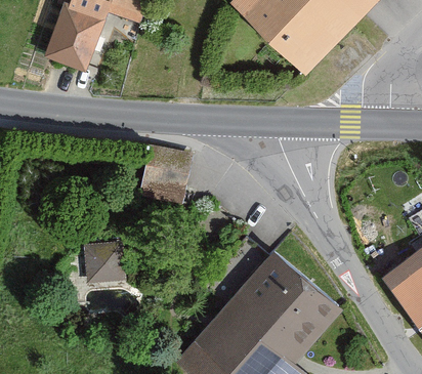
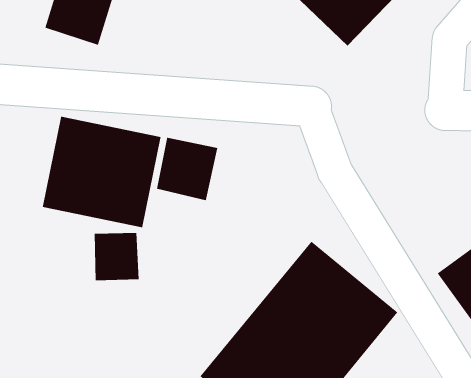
building: none -> [42,116,161,228]

